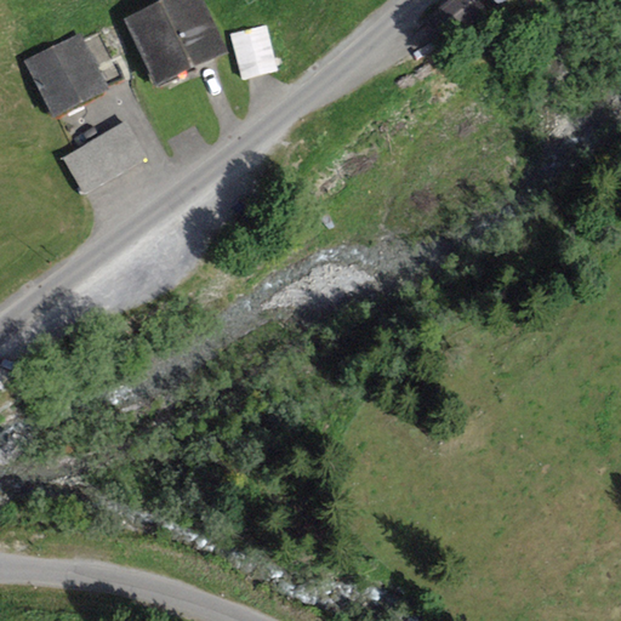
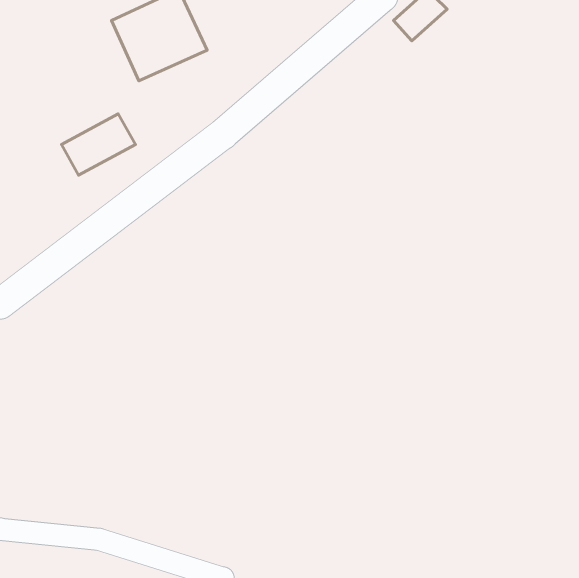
building: [234,23,278,74] -> none
building: [27,32,107,113] -> none

